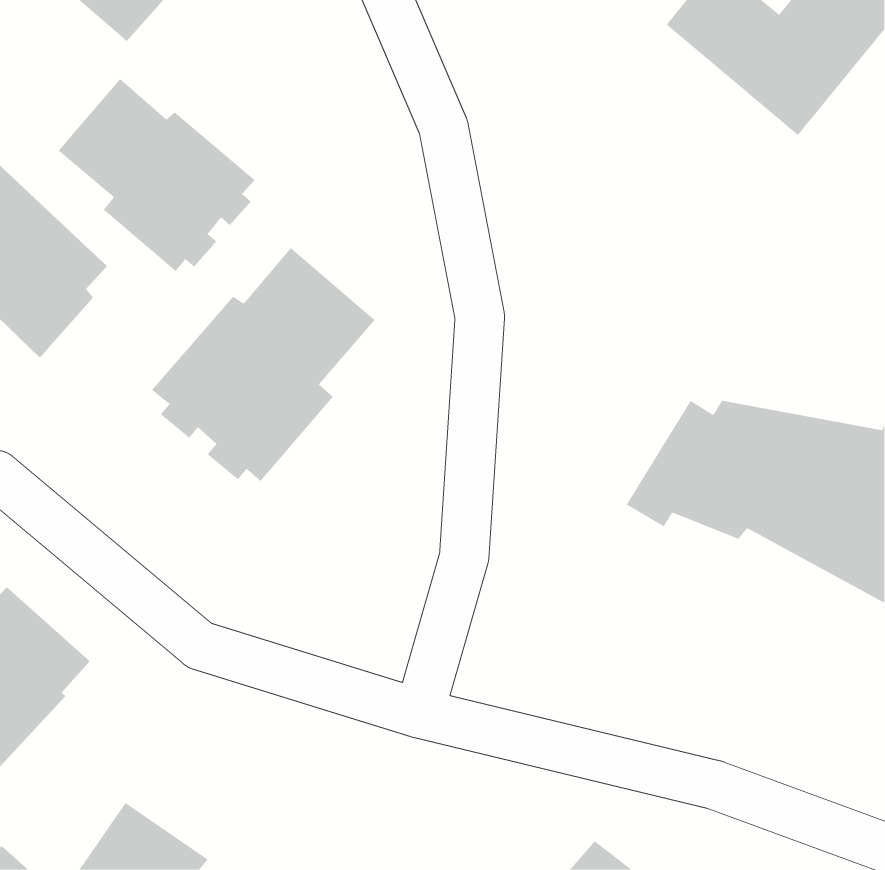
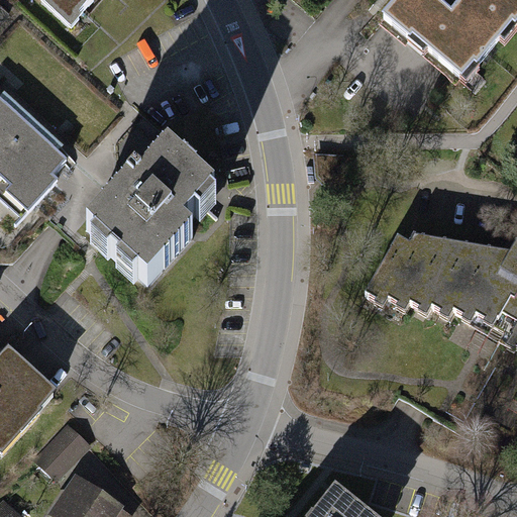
building: [58,78,256,272] -> none
building: none -> [30,415,90,475]

